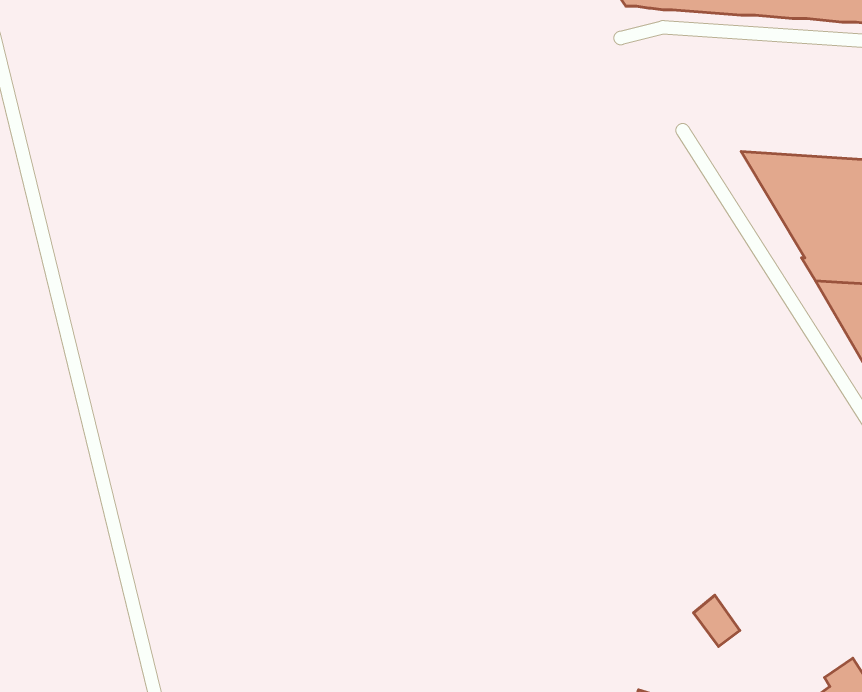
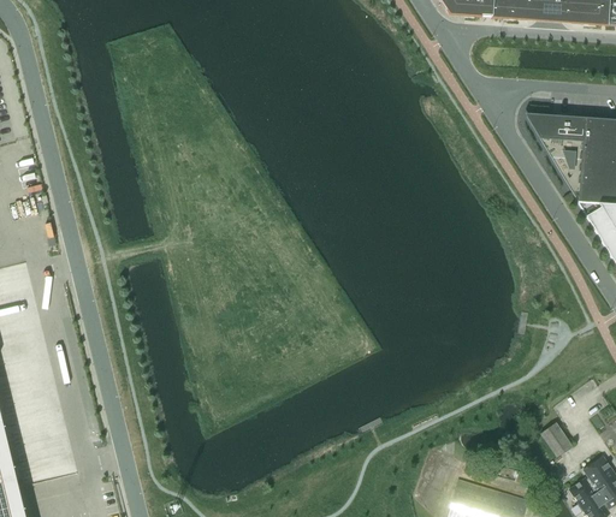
building: [694,595,740,647] -> [539,420,570,454]

